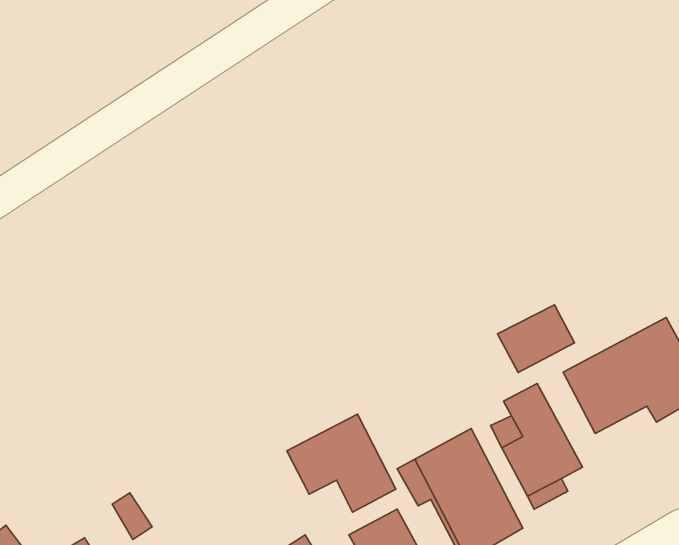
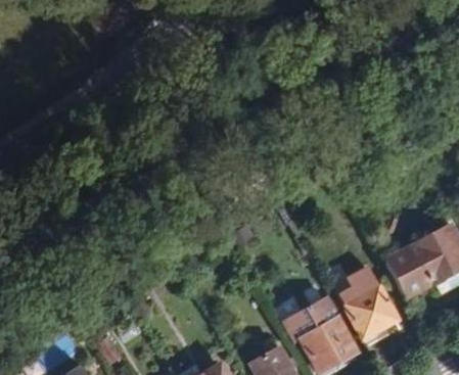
building: [497,305,574,373] -> none
building: [287,414,396,512] -> none

